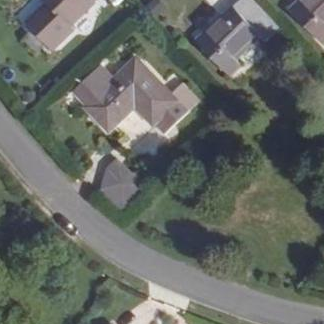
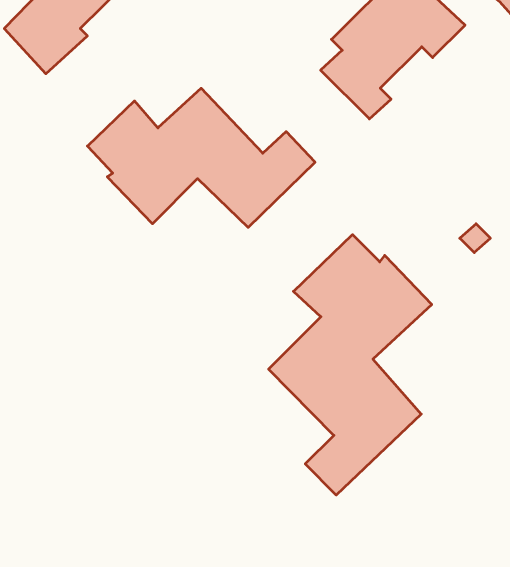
building: none -> [269,235,432,495]
building: [91,159,142,209] -> none

